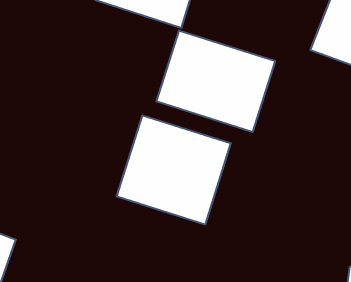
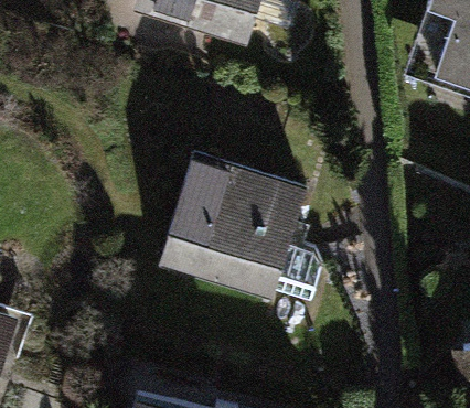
building: [156,30,275,132] -> none

